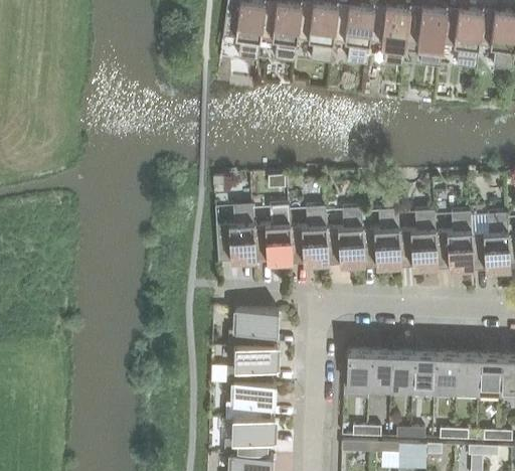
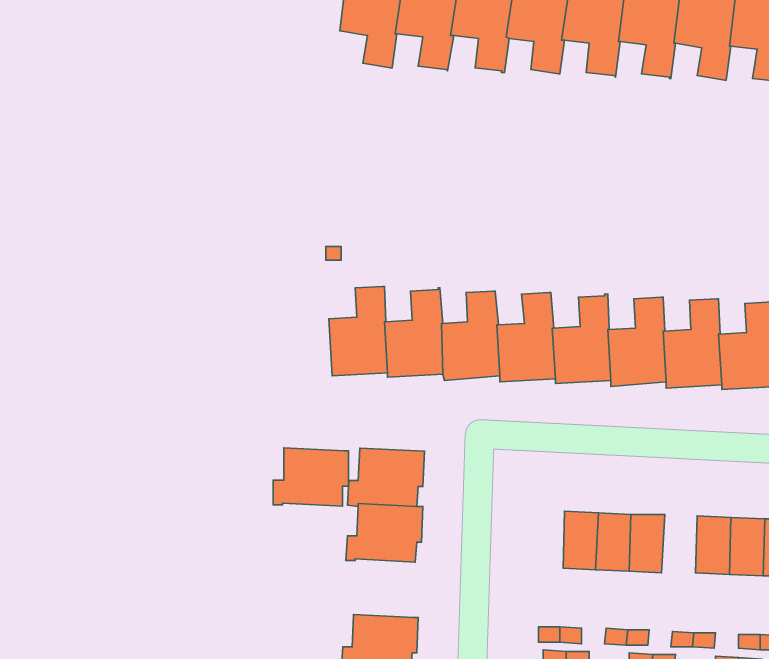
building: [346,348,370,386] -> none
building: [434,351,457,389] -> none
building: [226,380,276,419] -> [273,448,349,506]

